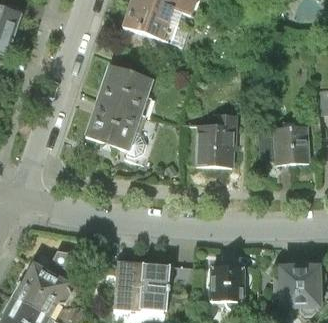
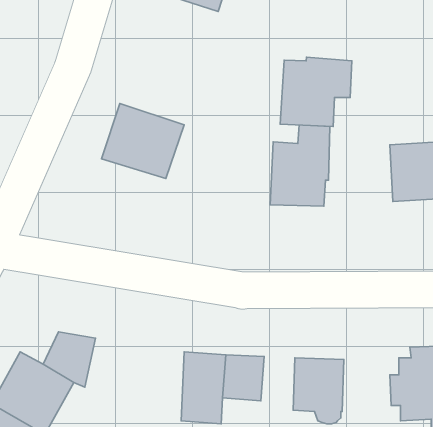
building: [98,64,151,113] -> none
building: none -> [280,57,352,127]
building: [110,259,140,306] -> none

